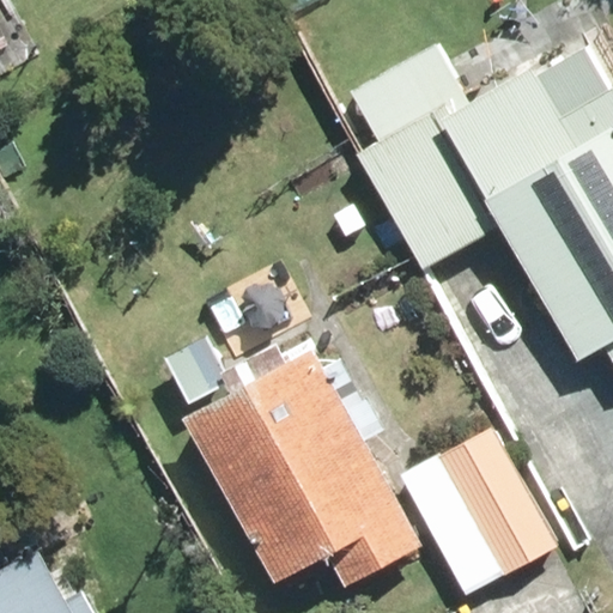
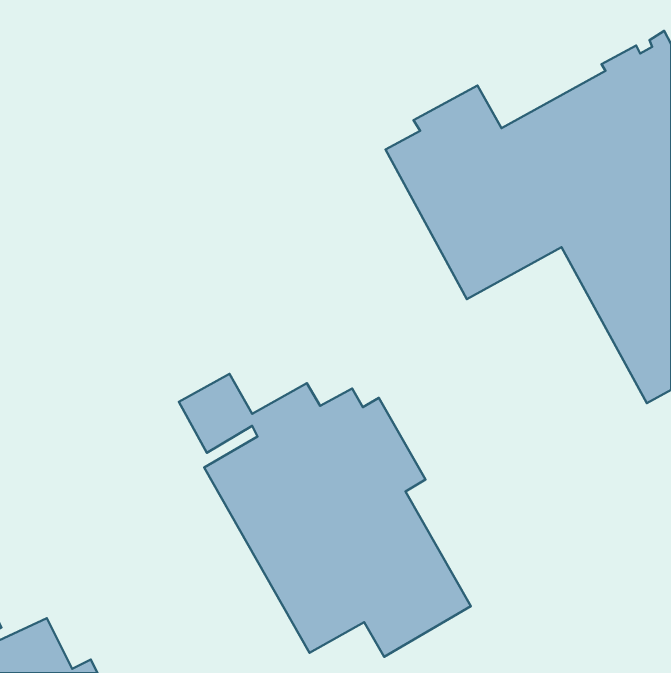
building: [400,429,557,595] -> none

